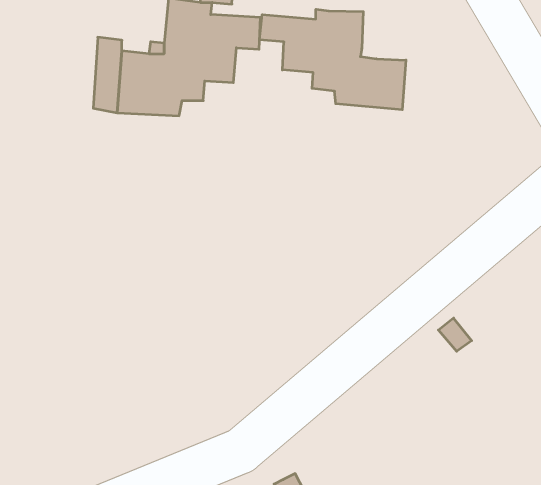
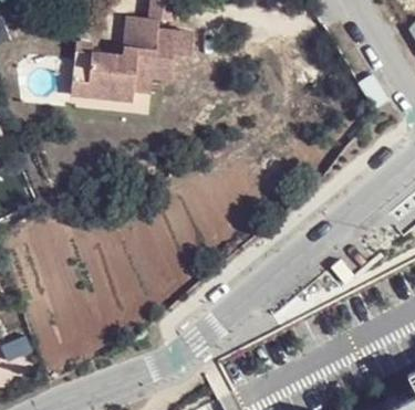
building: [260,9,406,110] -> none

